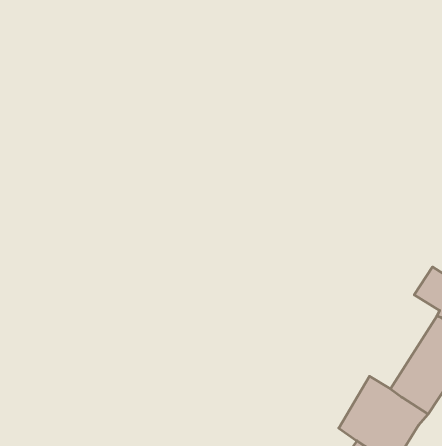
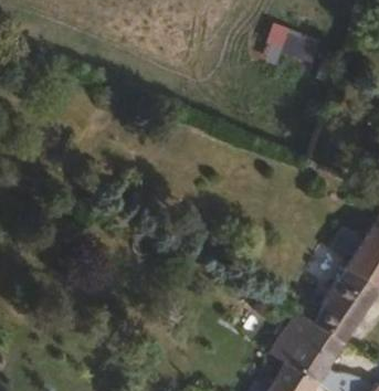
building: none -> [265,27,313,61]

